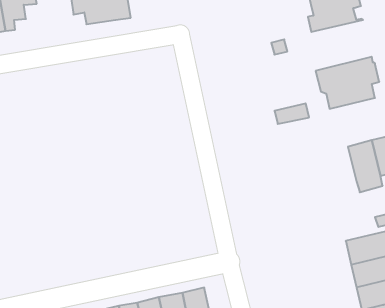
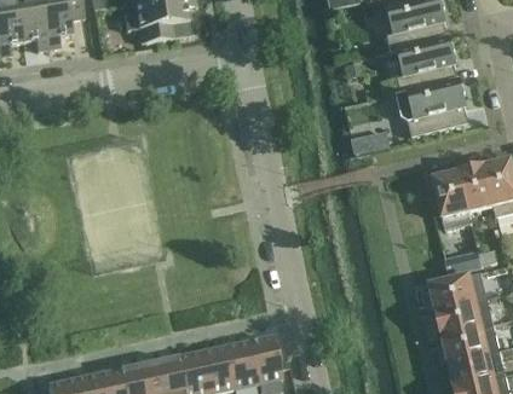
building: none -> [392,36,460,93]

